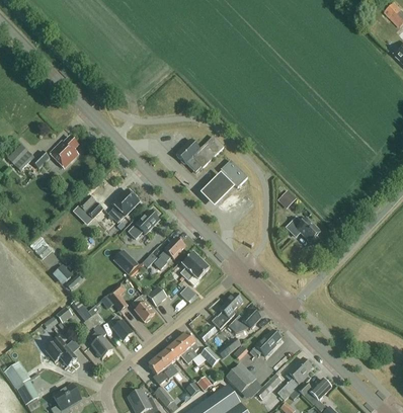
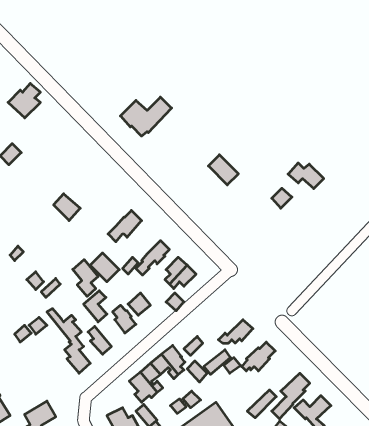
building: [49,137,78,168] -> [8,83,40,118]
building: [176,137,223,172] -> [120,97,172,136]
building: [200,174,233,208] -> none
building: [107,189,139,224] -> none
building: [287,218,319,241] -> [288,163,324,189]
building: none -> [73,260,98,296]
building: [212,293,243,329] -> none
building: [45,337,77,366] -> none
building: [226,363,255,393] -> none

